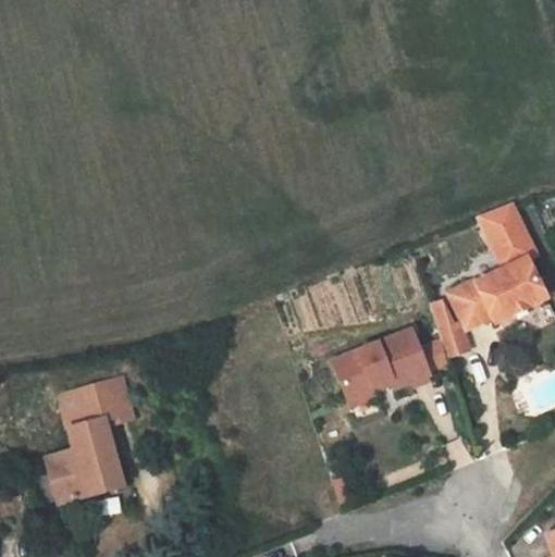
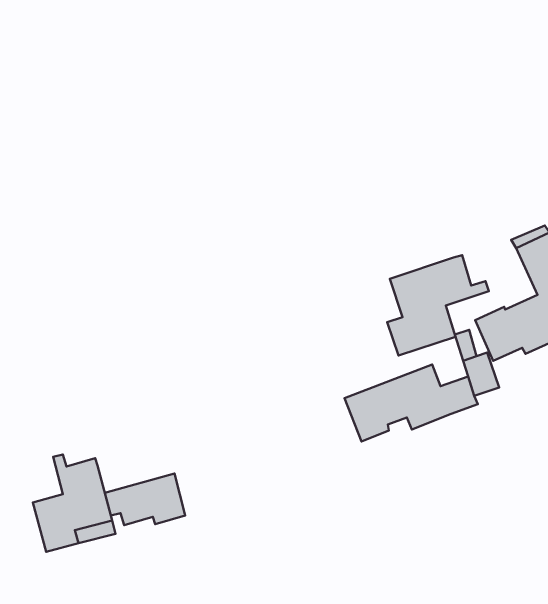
building: none -> [387,255,489,355]
building: [61,376,134,423] -> [105,474,185,525]

